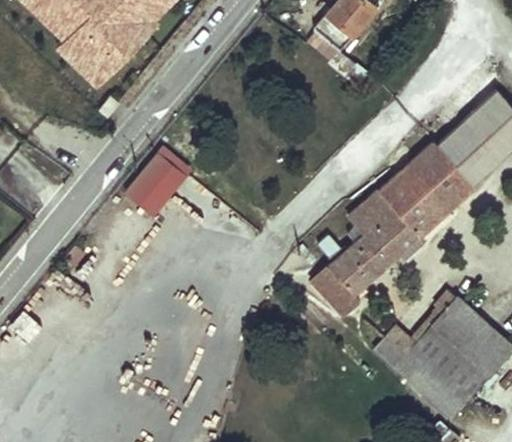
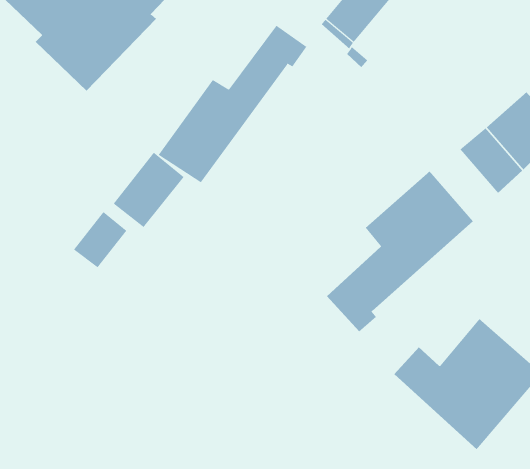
building: none -> [158,25,307,183]
building: [411,141,476,209] -> none
building: none -> [73,211,127,268]

